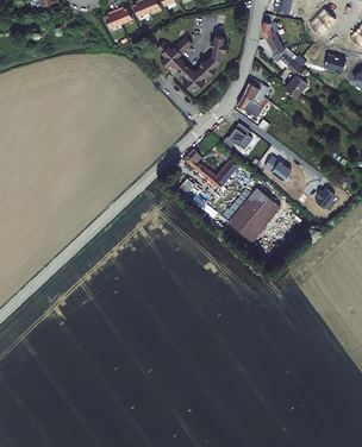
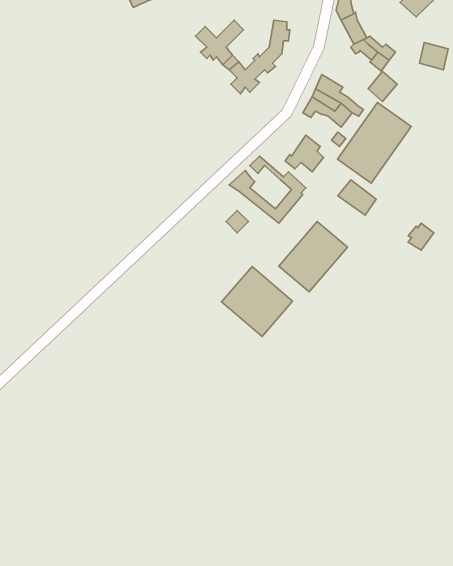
building: none -> [338,103,411,183]
building: none -> [222,266,293,336]

